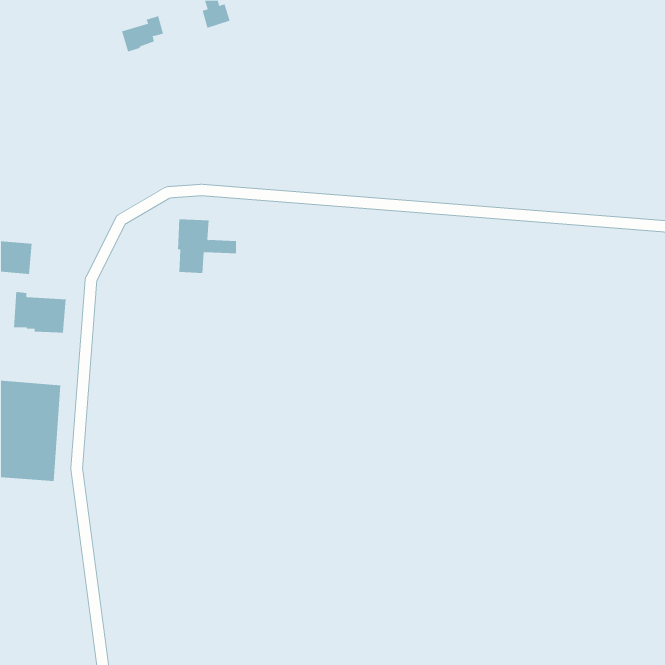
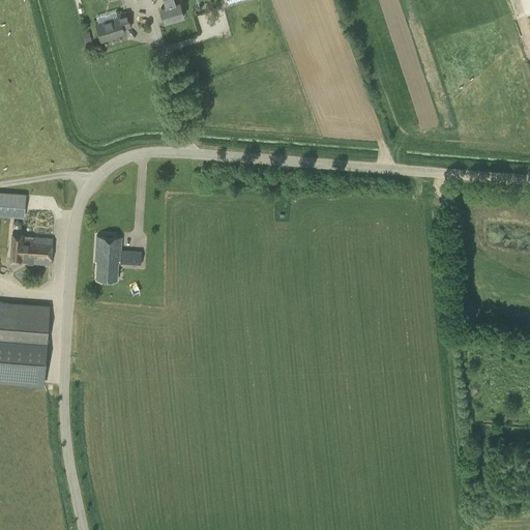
building: [177,219,237,273] -> [95,236,143,279]

